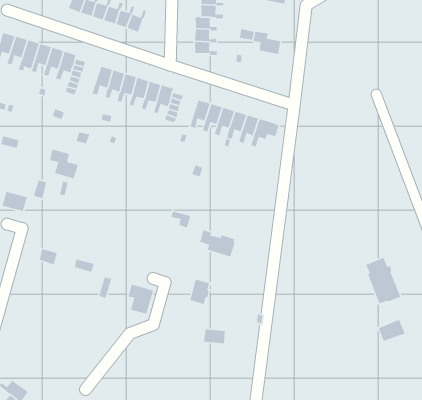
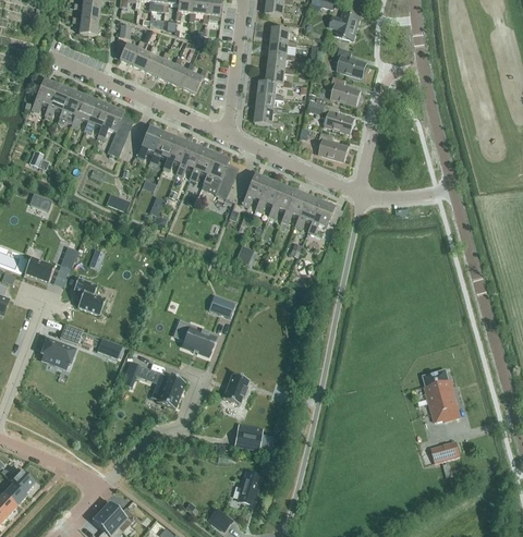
building: none -> [329,76,358,105]
building: none -> [317,132,346,161]
building: [49,148,79,180] -> [73,278,106,315]
building: [199,229,235,258] -> [174,321,215,356]
building: none -> [41,340,74,368]
building: none -> [238,472,260,504]

